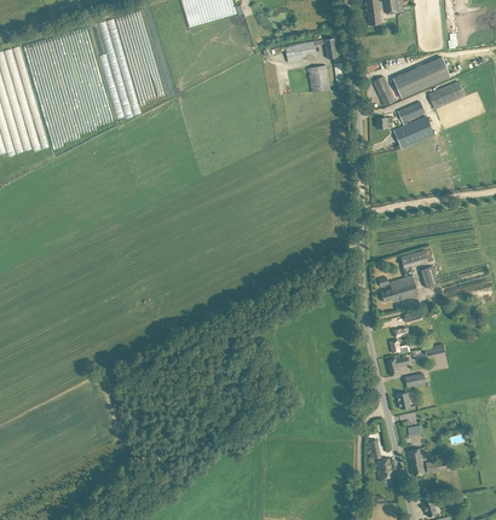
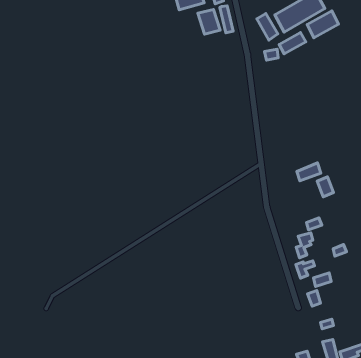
building: [393,116,434,149] -> none
building: [381,276,419,302] -> none

